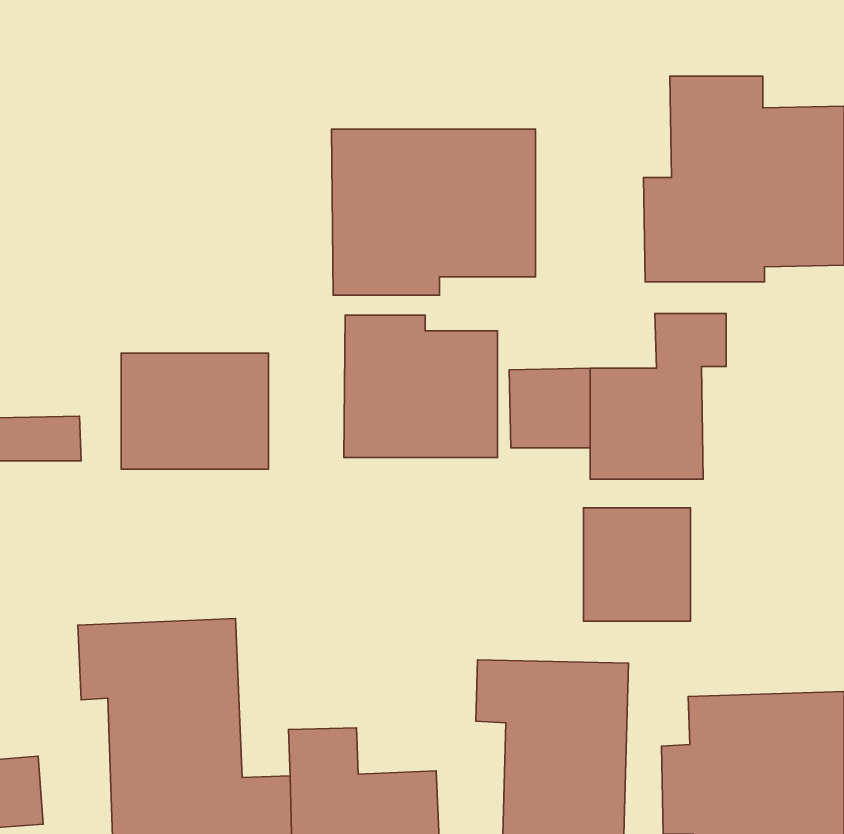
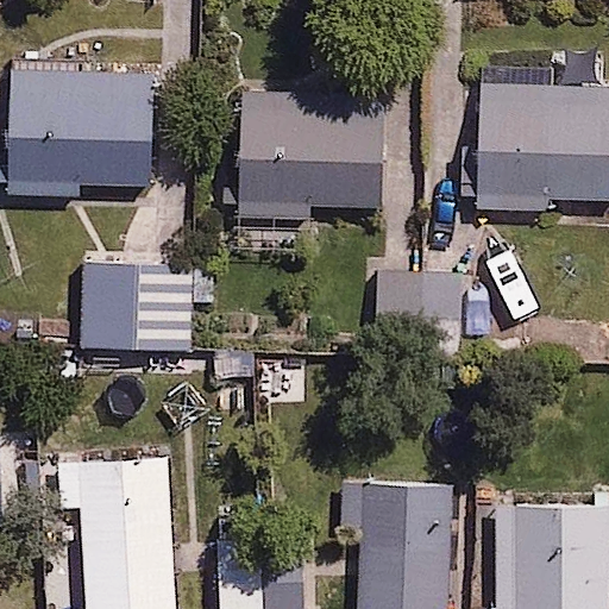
building: none -> [12,71,157,196]
building: [344,315,497,458] -> none
building: [583,508,690,621] -> none

